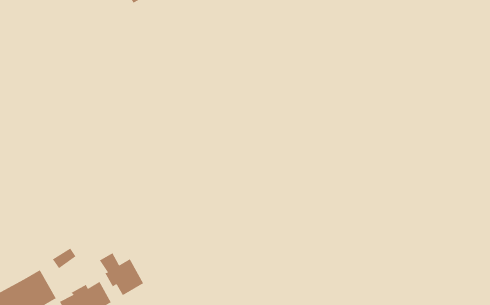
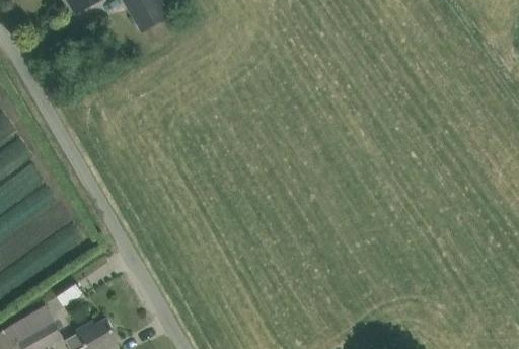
building: [99,252,144,296] -> none

